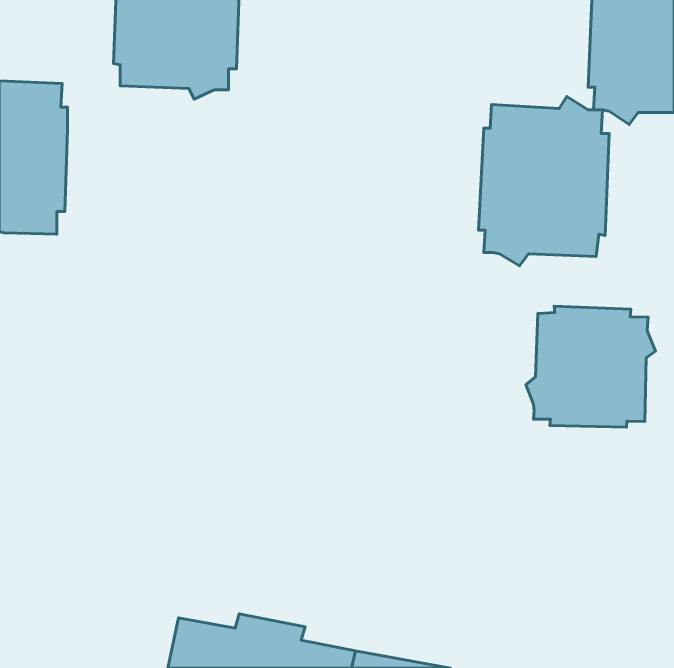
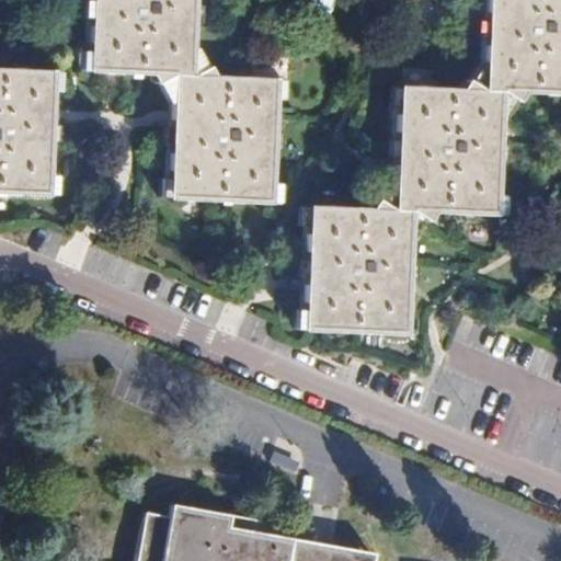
building: none -> [173,66,279,203]
building: none -> [307,199,413,334]
building: [526,306,656,427] -> none

